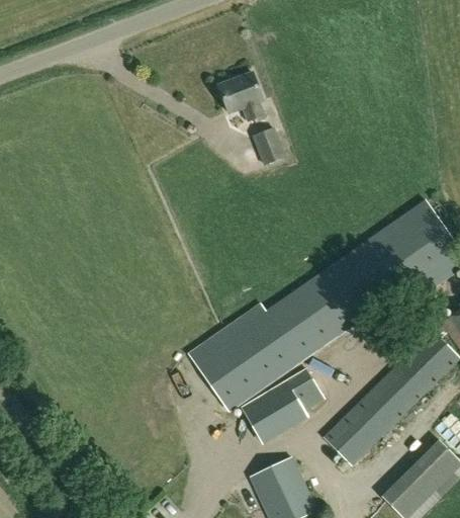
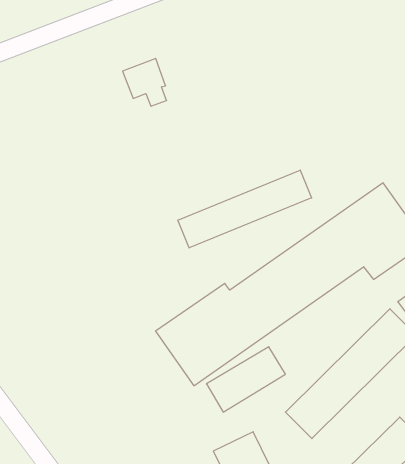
building: [217,72,263,121] -> [123,58,167,106]
building: [251,127,285,165] -> none
building: none -> [178,170,312,248]

